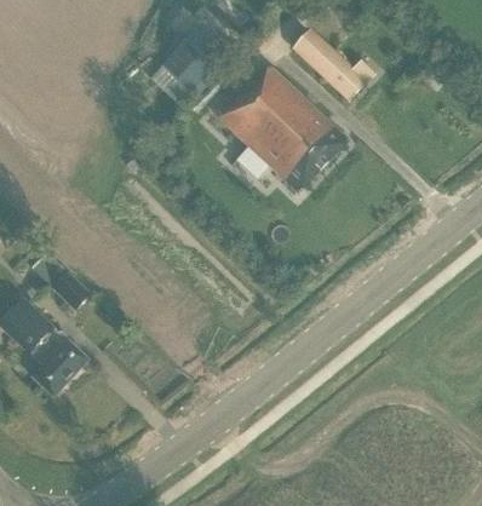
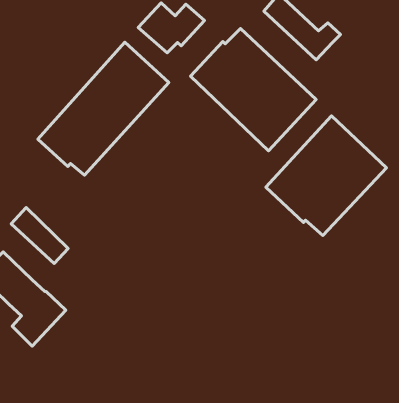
building: none -> [38,42,169,175]
building: none -> [266,116,386,236]

